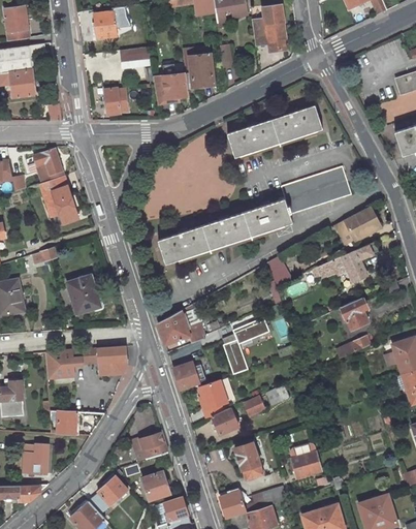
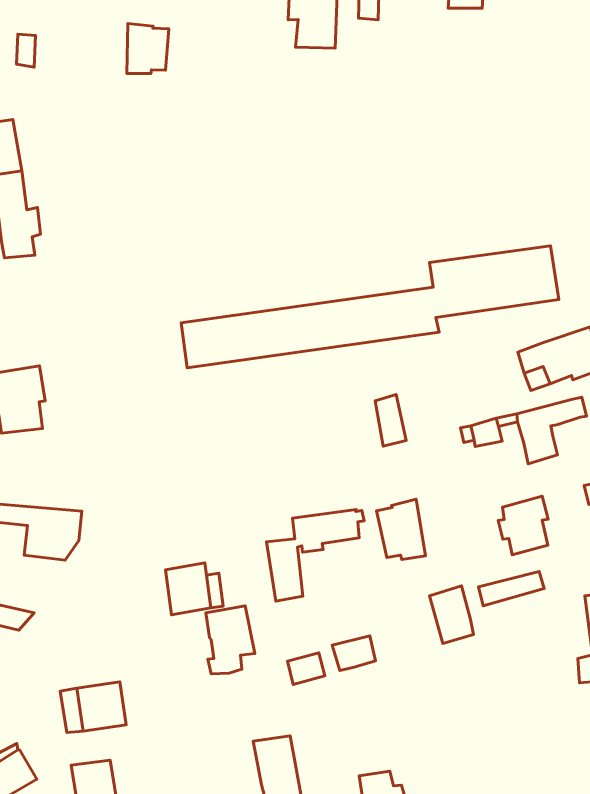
building: [154,73,190,100] -> none
building: [227,104,323,157] -> none
building: none -> [377,499,425,559]
building: [158,310,205,344] -> none
building: none -> [429,586,474,644]
building: [212,409,239,435] -> none

